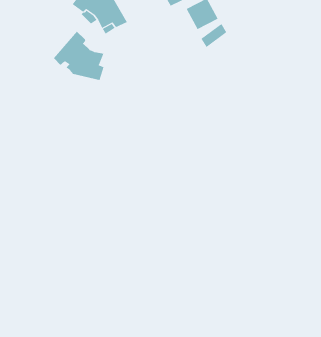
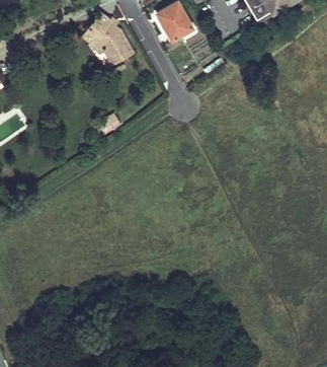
building: [53,31,104,81] -> none

